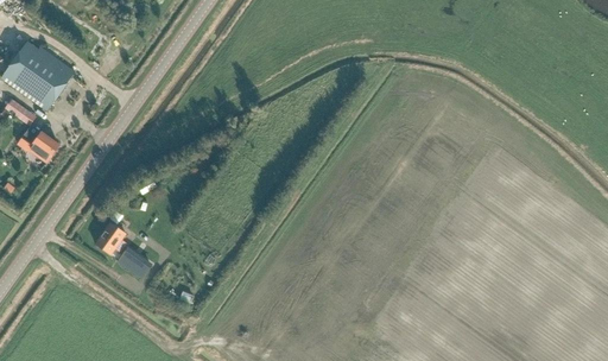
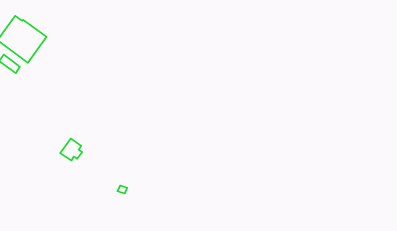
building: [17,125,57,160] -> none
building: [116,247,151,279] -> none

